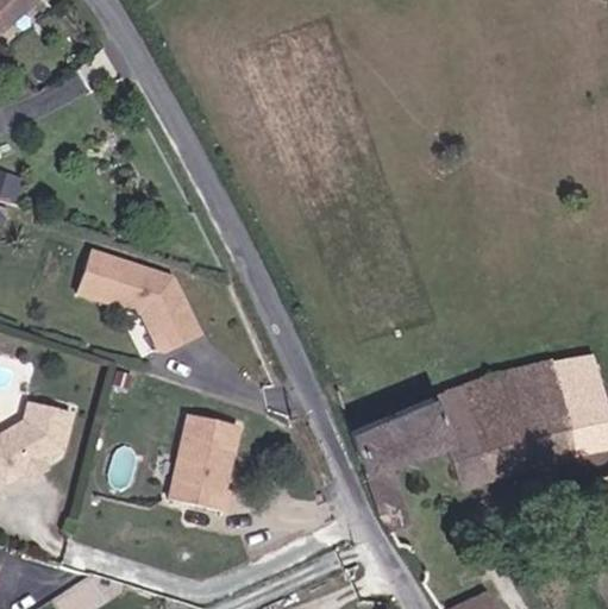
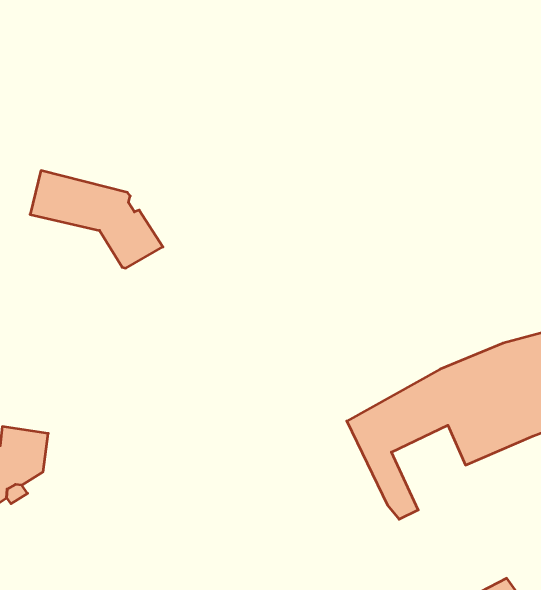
building: [79,250,201,350] -> [30,171,163,268]
building: [169,415,238,513] -> none

